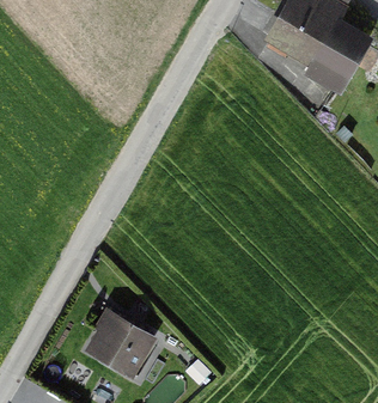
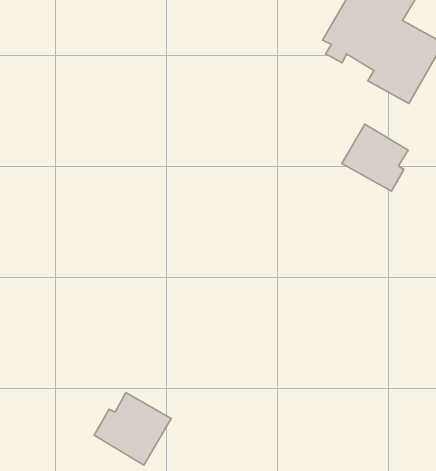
building: none -> [342,124,408,191]

